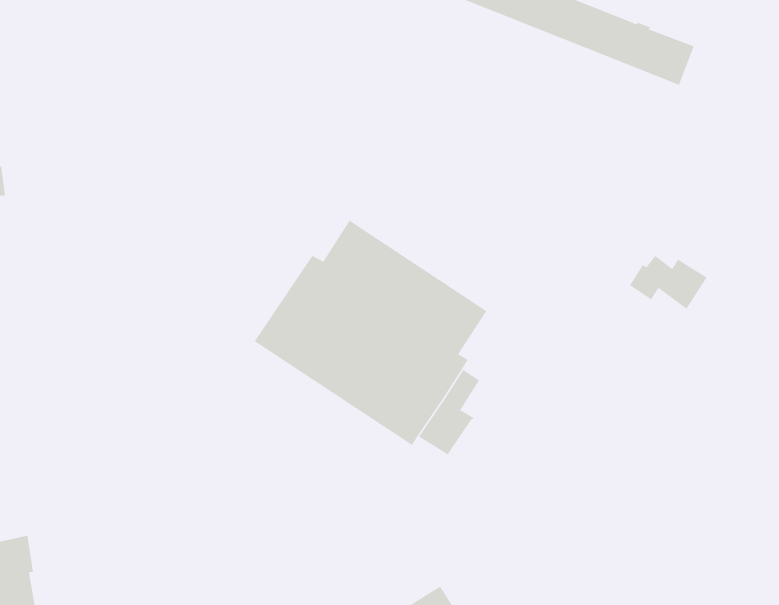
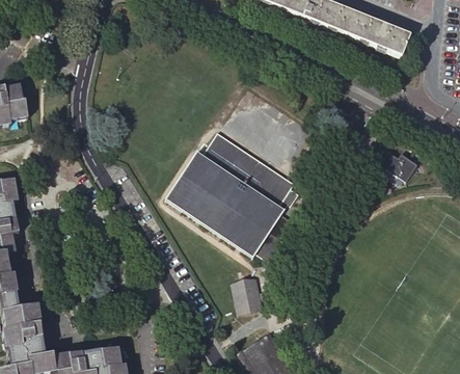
building: none -> [233,275,262,311]

